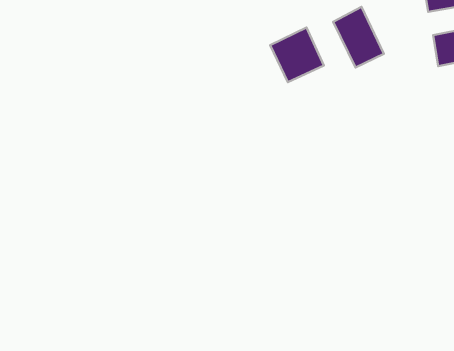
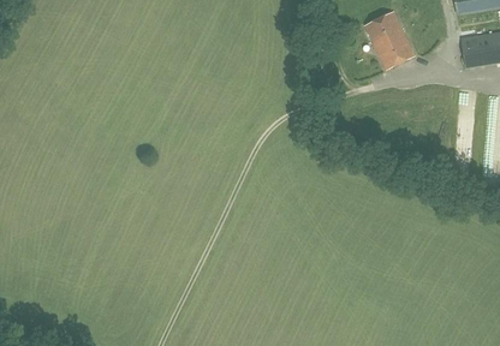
building: [270,28,324,82] -> none

